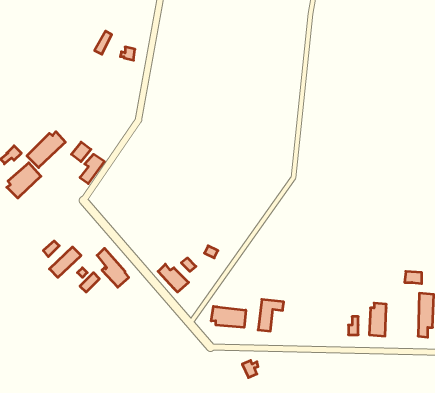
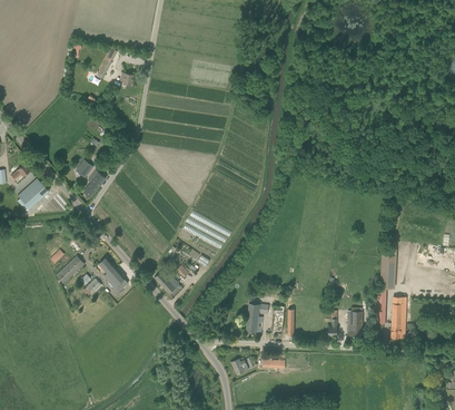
building: [27,132,65,168] -> none
building: [211,306,246,327] -> none

